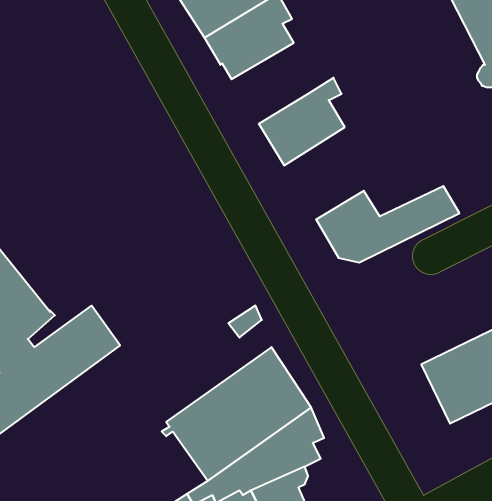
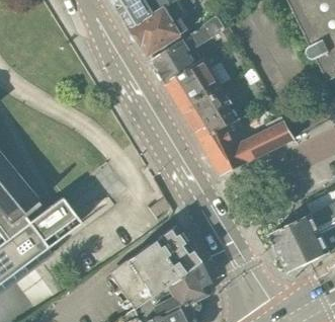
building: none -> [153,15,226,82]
building: none -> [182,84,241,143]

